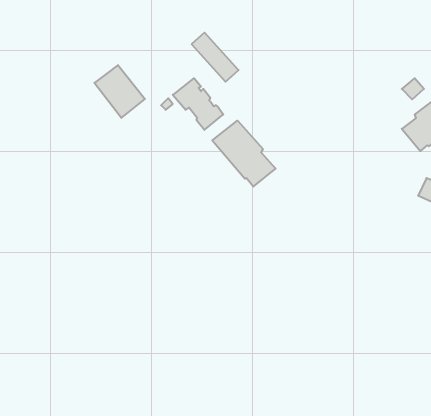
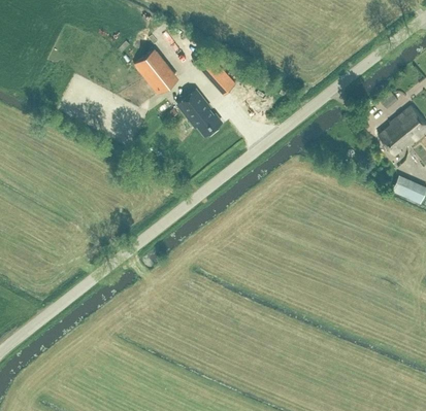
building: [94,65,145,118] -> [134,48,178,95]
building: [212,121,276,187] -> none

